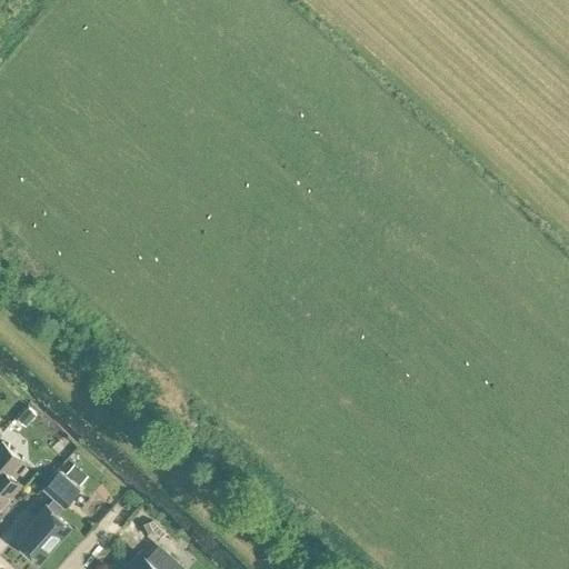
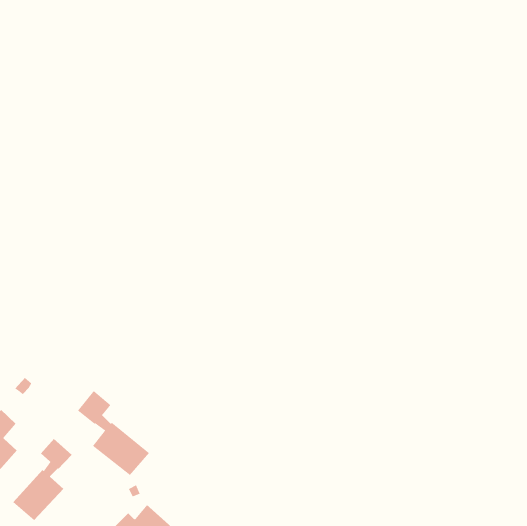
building: none -> [77,390,150,476]

